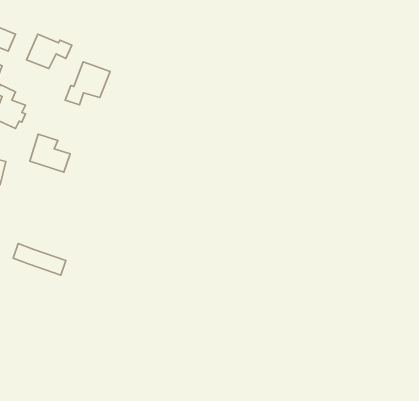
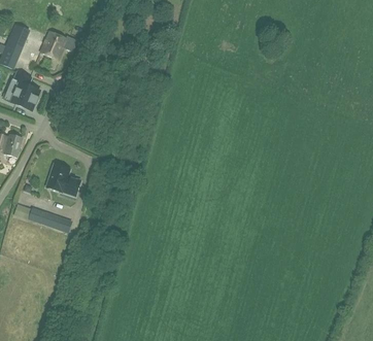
building: [65,62,110,105] -> none
building: [30,134,70,172] -> [46,163,80,195]

